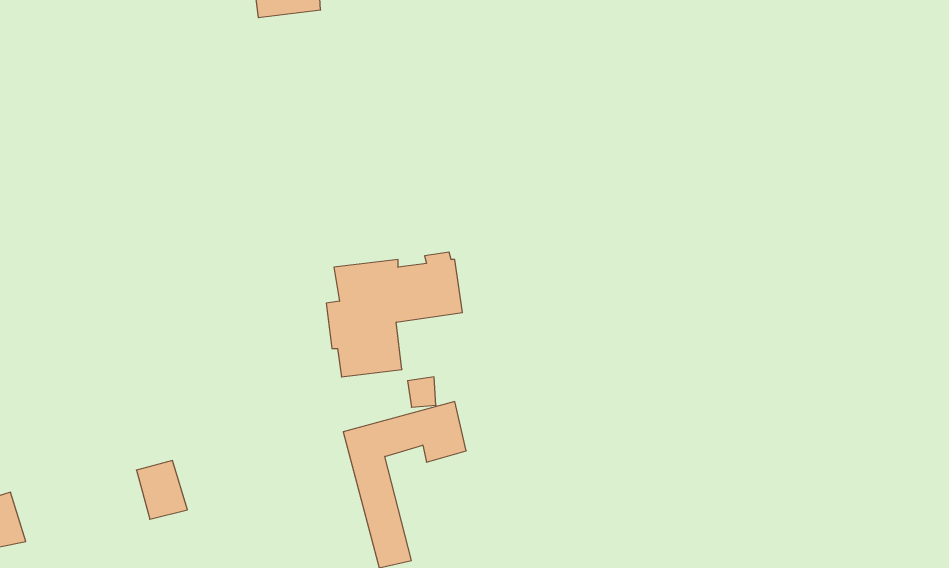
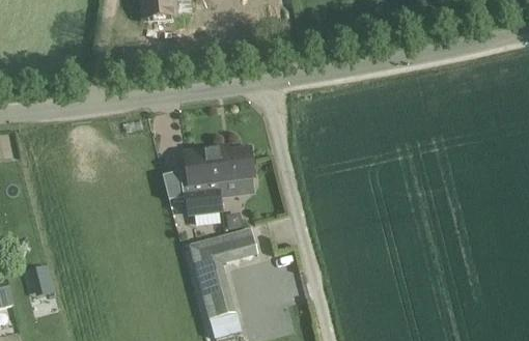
building: [136,461,187,519] -> [28,263,56,295]

